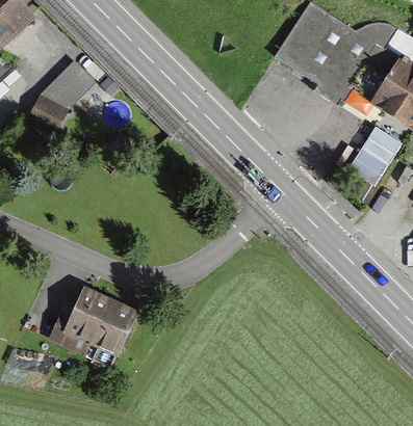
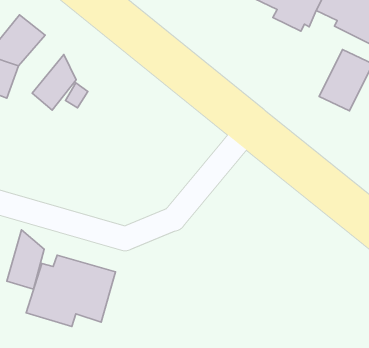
building: none -> [32,55,76,110]
building: none -> [7,230,44,289]

